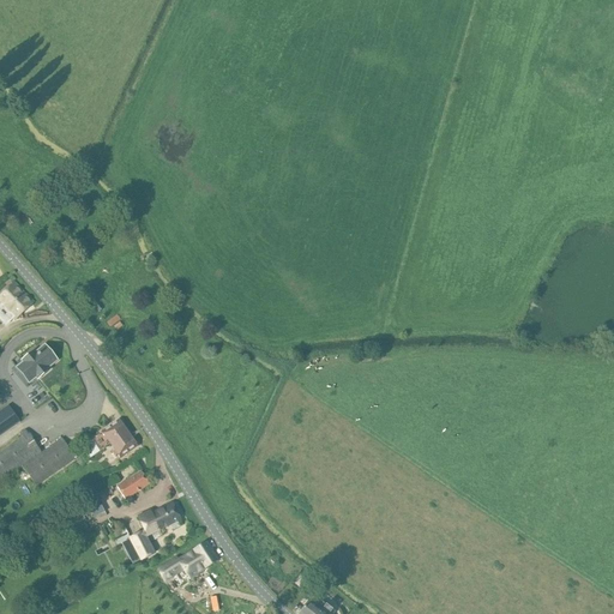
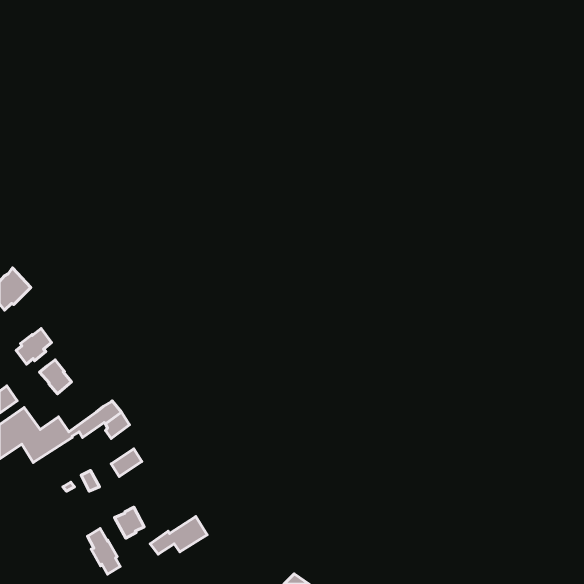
building: none -> [40,360,71,394]
building: [137,502,180,535] -> none
building: none -> [88,529,120,574]

